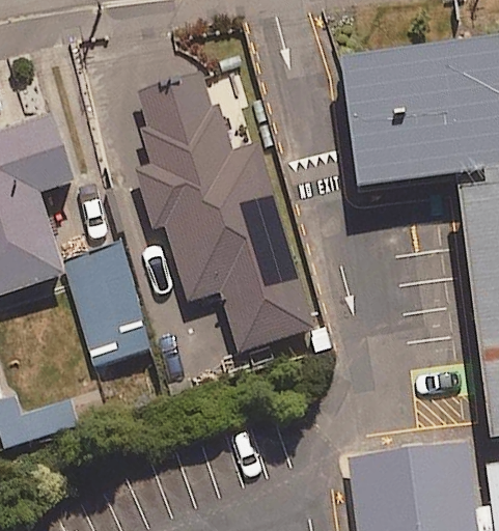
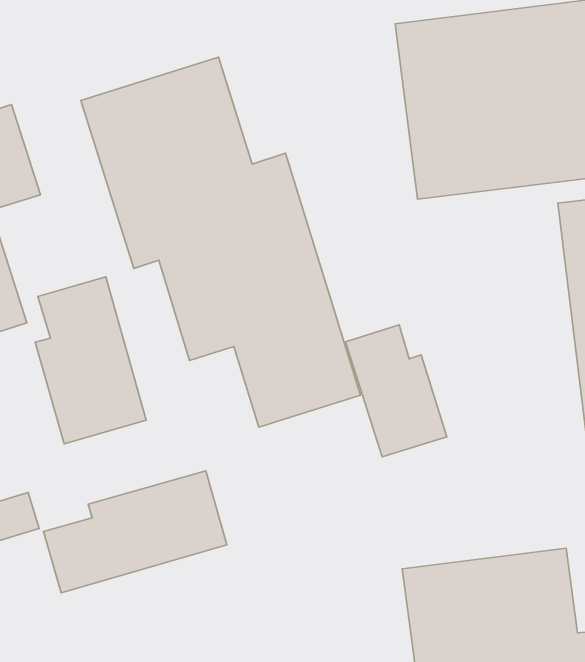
building: none -> [345,325,447,457]
building: none -> [44,471,227,593]

